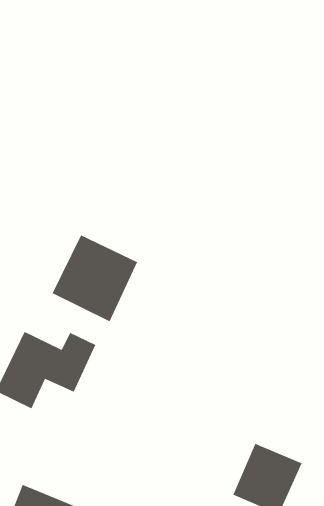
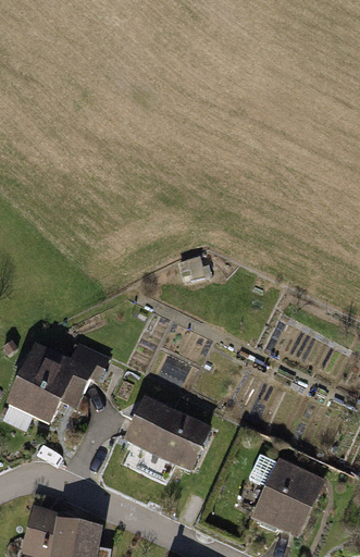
building: [52,234,138,322] -> none
building: none -> [123,395,206,467]

